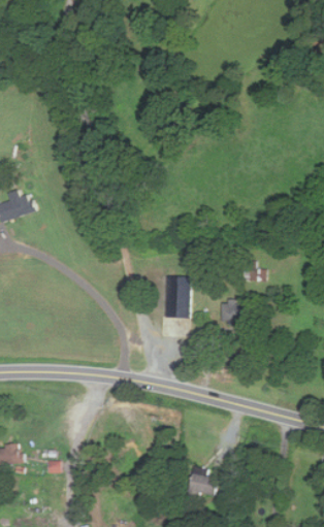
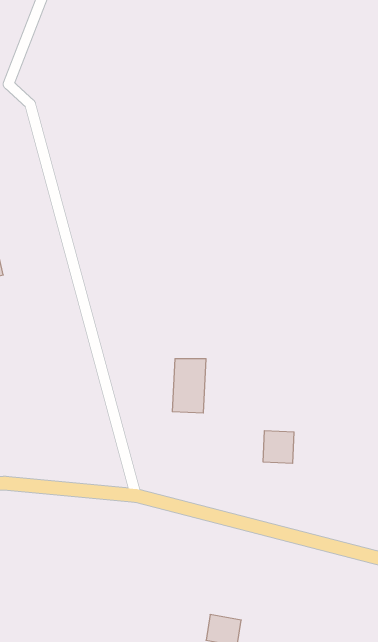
building: [219,300,242,325] -> [263,431,294,463]

